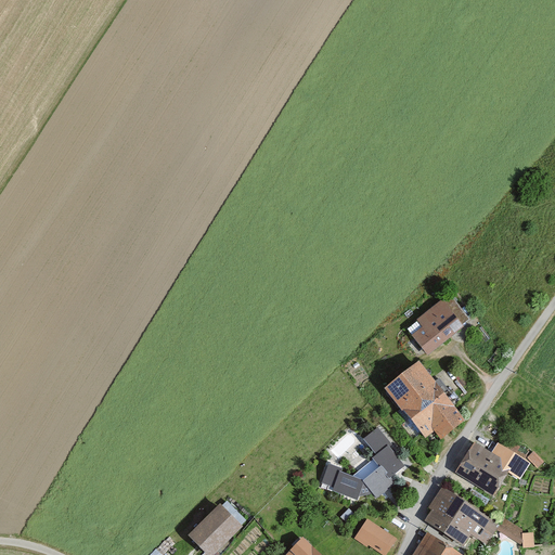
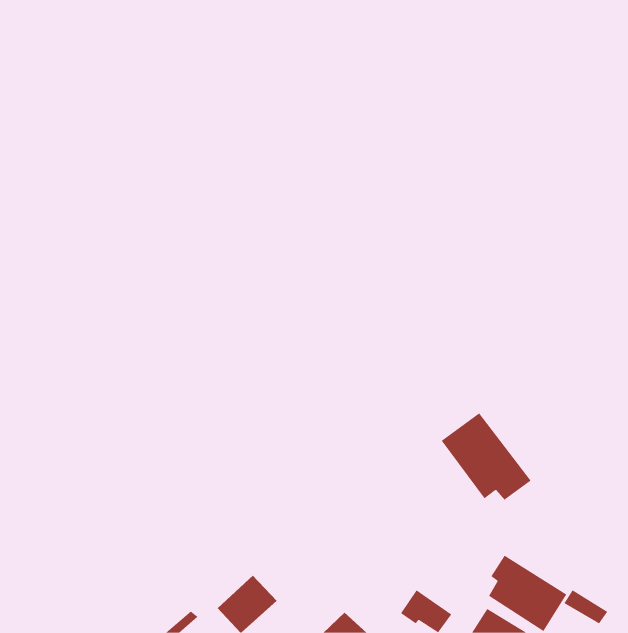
building: [412,307,462,353] -> none
building: [321,431,404,500] -> none
building: [455,440,529,498] -> none

